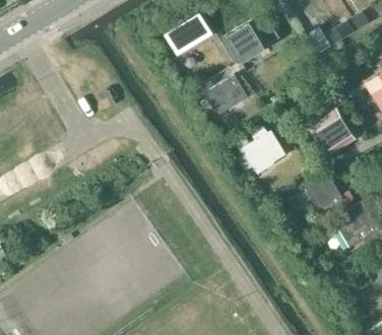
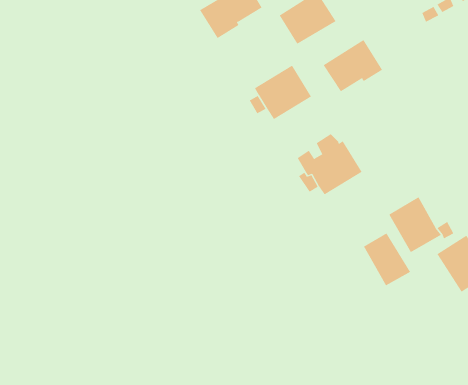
building: none -> [323,39,383,92]
building: [314,110,355,152] -> none
building: none -> [363,232,411,286]

